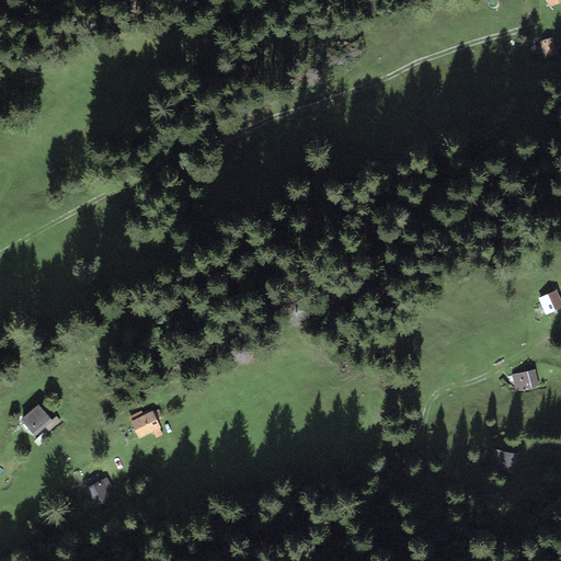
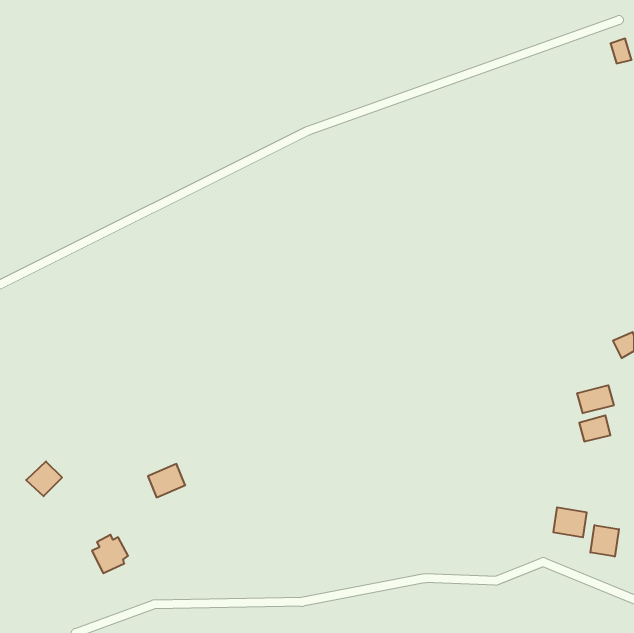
building: none -> [577,385,614,413]
building: none -> [590,525,619,557]

